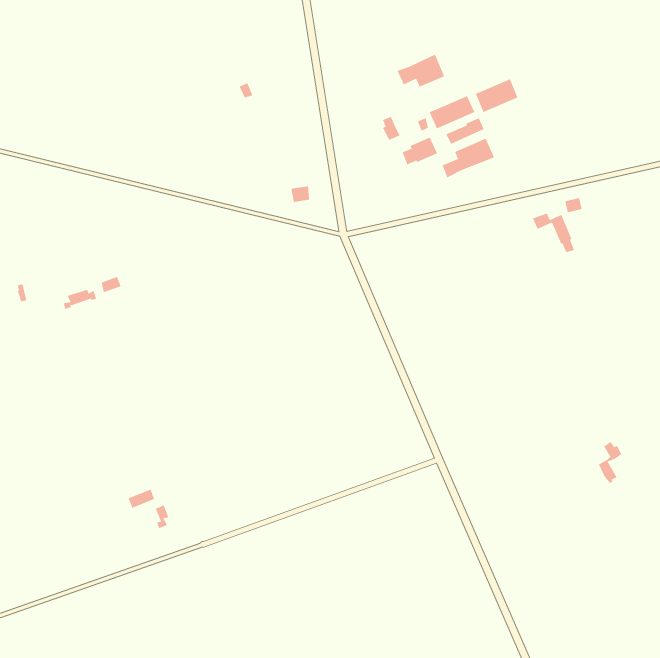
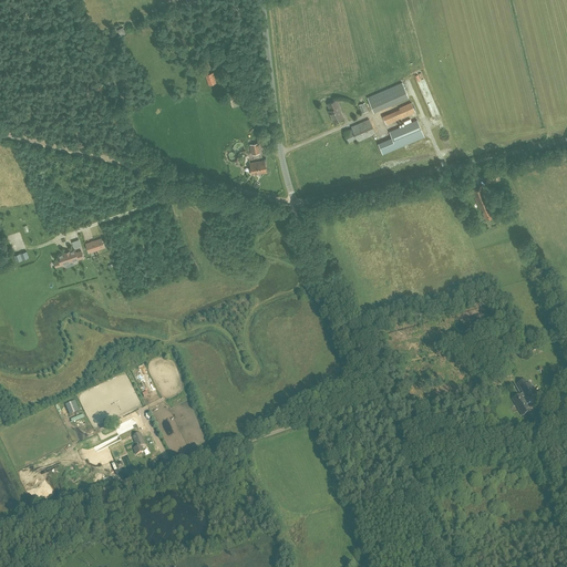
building: [397,54,444,88] -> none
building: [475,78,518,113] -> none

